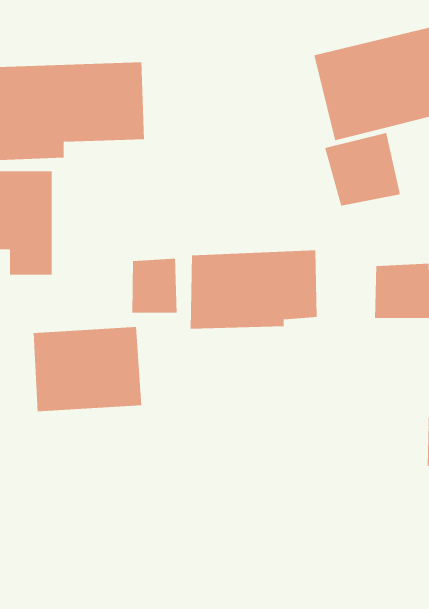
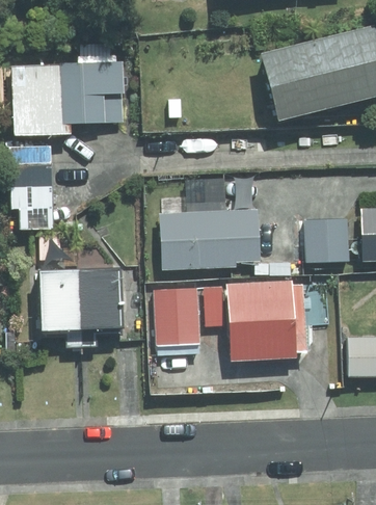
building: [324,132,401,207] -> none
building: [132,258,177,314] -> none
building: none -> [154,278,298,366]

